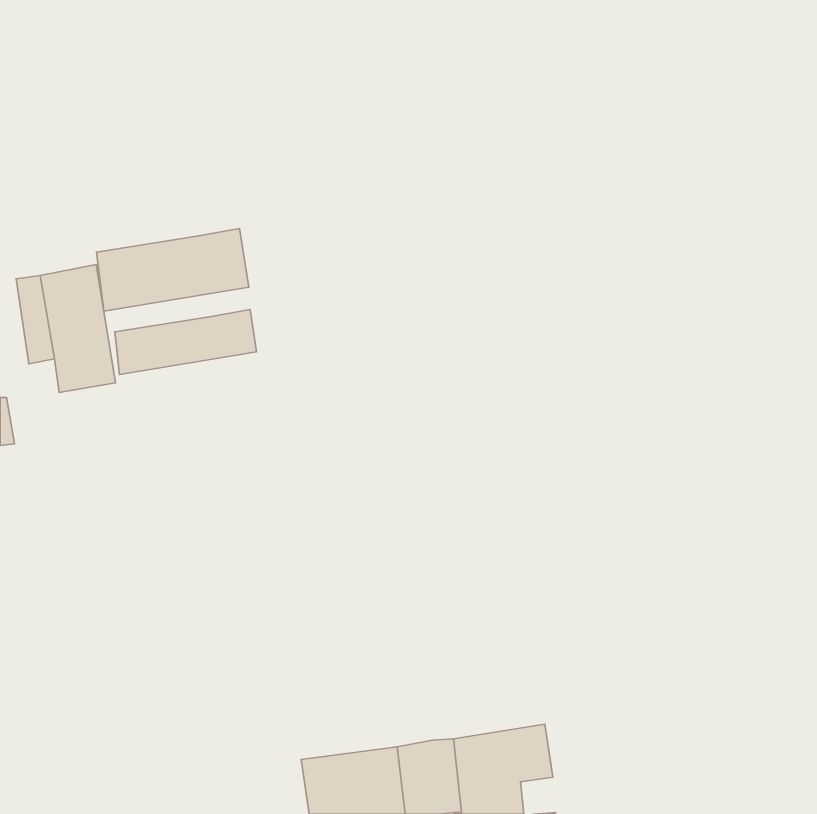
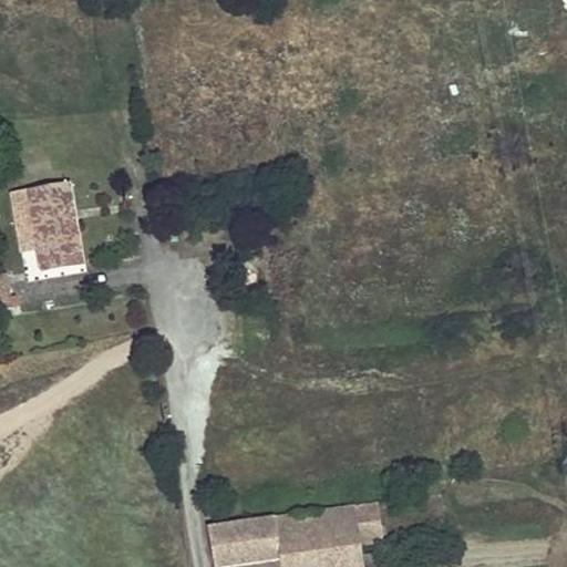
building: [96,228,249,311] -> none
building: [115,310,257,375] -> none

